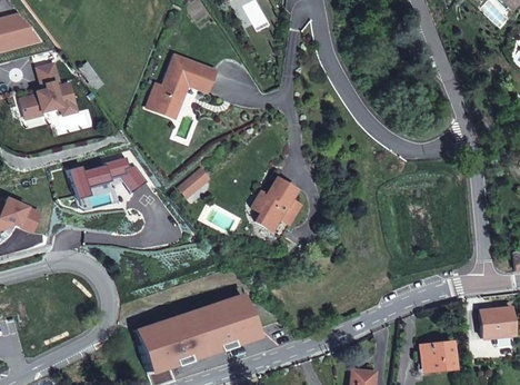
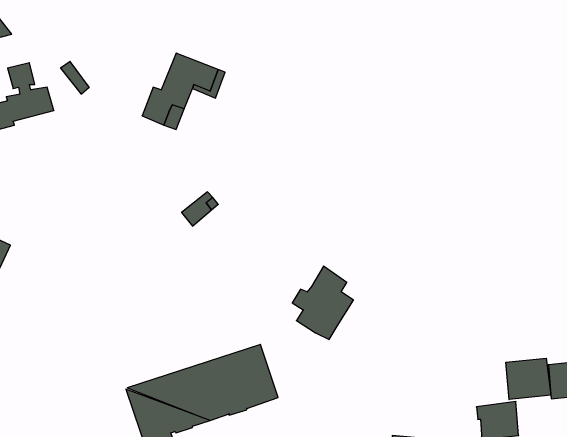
building: [68,156,149,199] -> none
building: [252,177,302,237] -> [292,266,353,340]
building: none -> [506,358,551,400]

